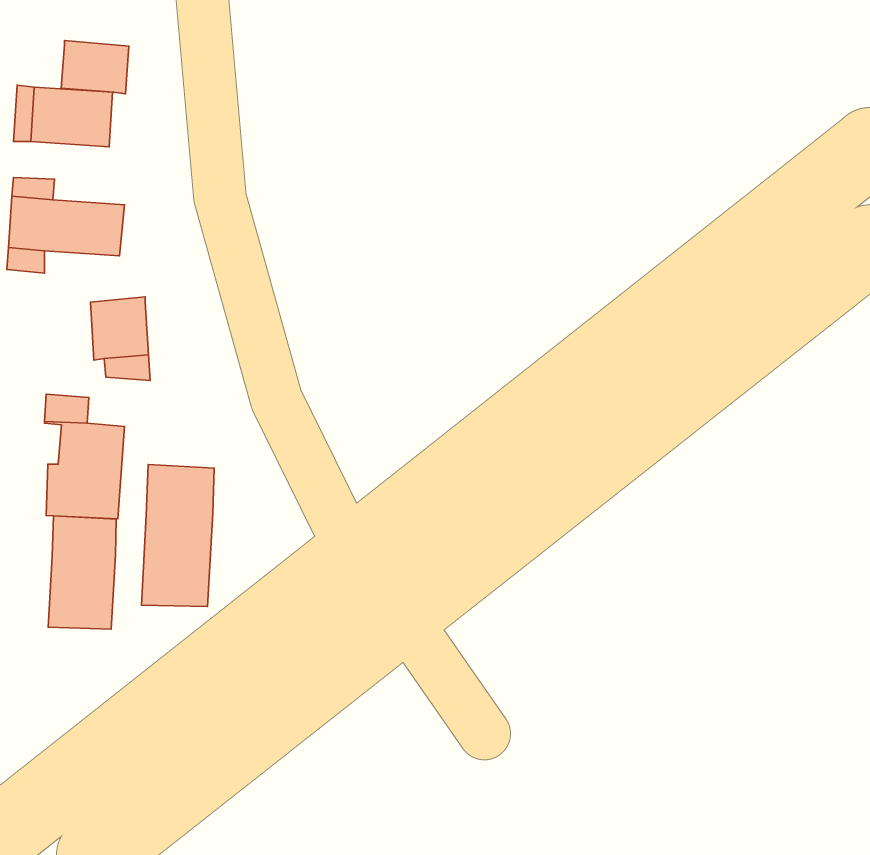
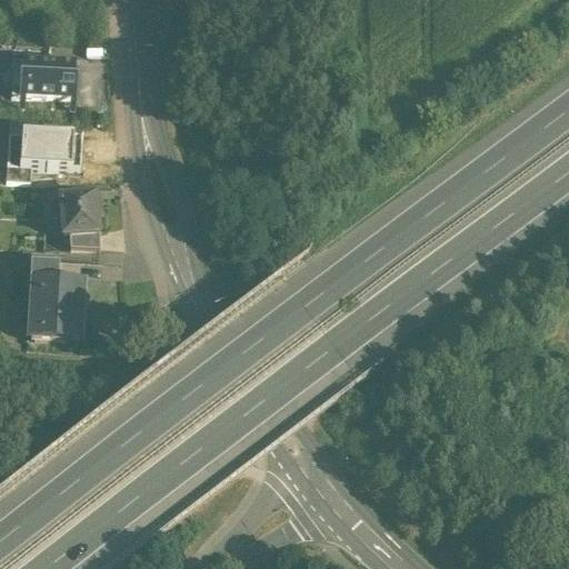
building: [61,41,129,94] -> none
building: [141,465,214,607] -> none
building: [48,516,116,629] -> none

